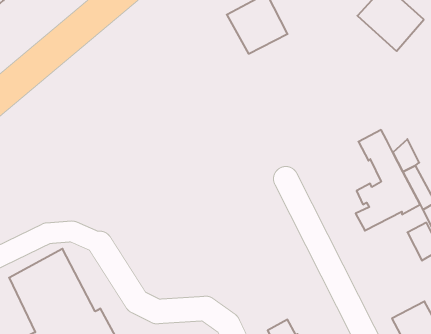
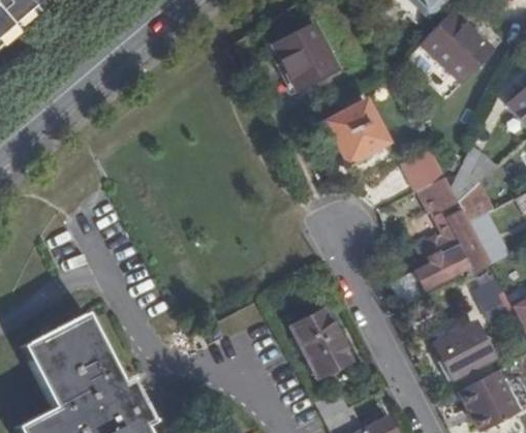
building: none -> [323,95,388,161]
building: none -> [407,149,446,189]
building: none -> [453,152,496,202]
building: none -> [292,311,350,377]
building: none -> [430,318,496,380]

